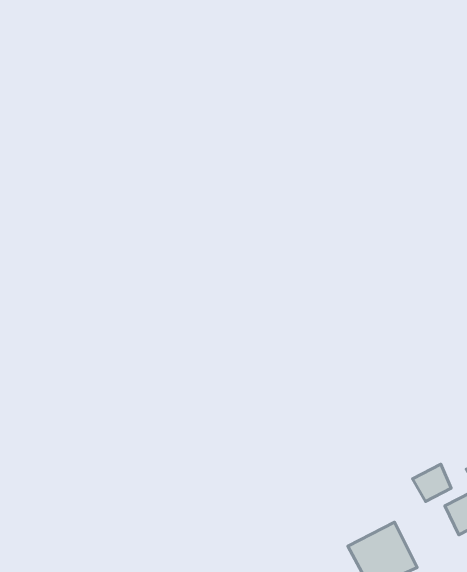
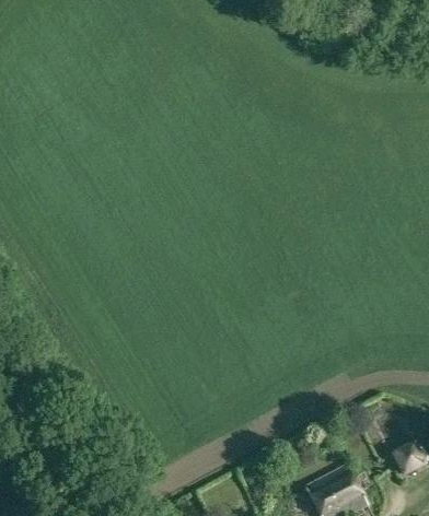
building: [412,464,451,501] -> none

